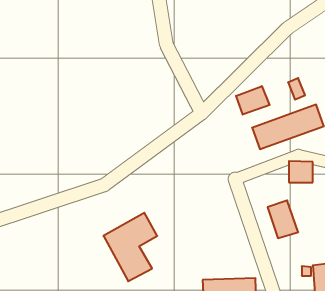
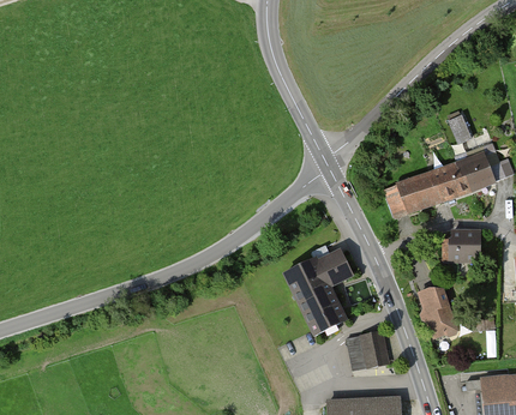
building: [236,86,270,115] -> none
building: [103,213,157,281] -> [281,241,356,337]
building: none -> [346,332,388,371]

